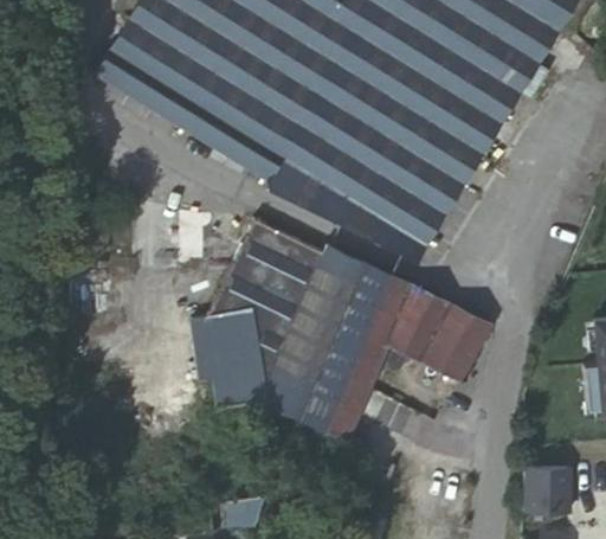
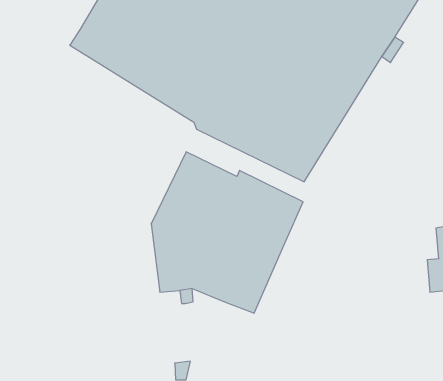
building: [388,285,491,377] -> none
building: [524,467,574,516] -> none

